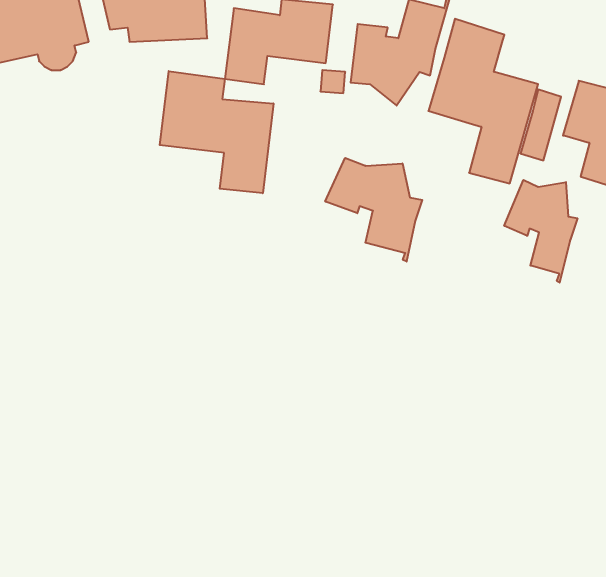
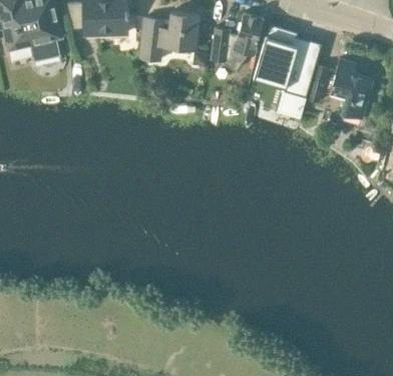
building: [160,71,273,193] -> none
building: [325,158,422,262] -> none
building: [504,180,577,283] -> none

